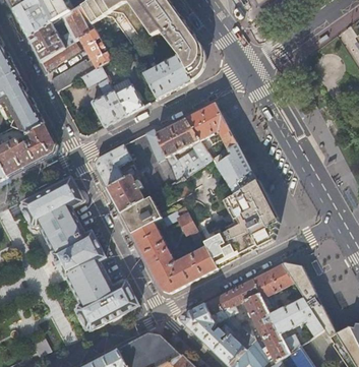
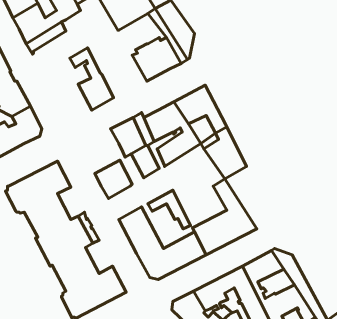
building: [50,28,111,90] -> none
building: [115,83,143,114] -> none
building: [95,144,137,188] -> none
building: [235,181,278,242] -> none
building: [121,200,154,233] -> none

